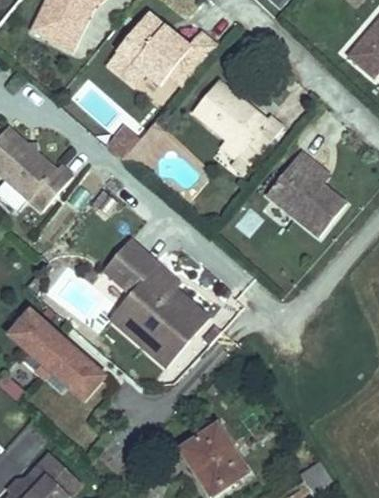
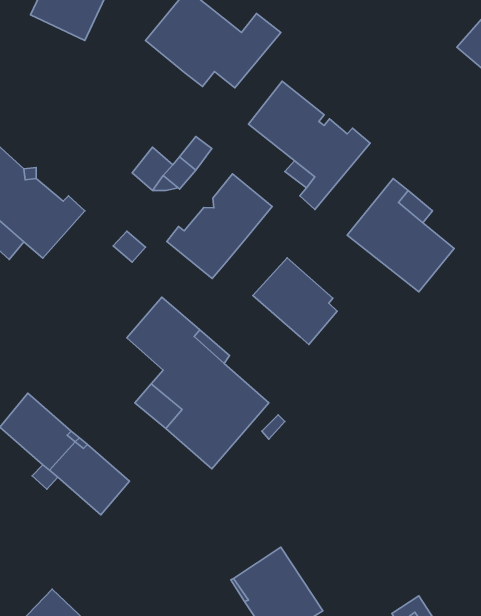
building: [104,49,146,89] -> none
building: none -> [167,174,272,279]
building: none -> [253,258,337,345]

